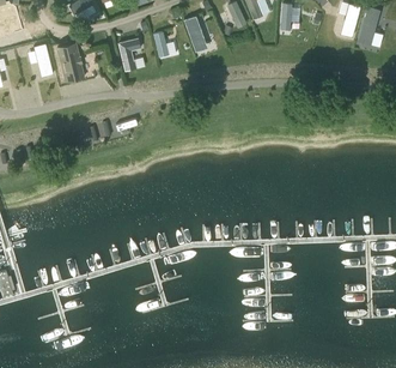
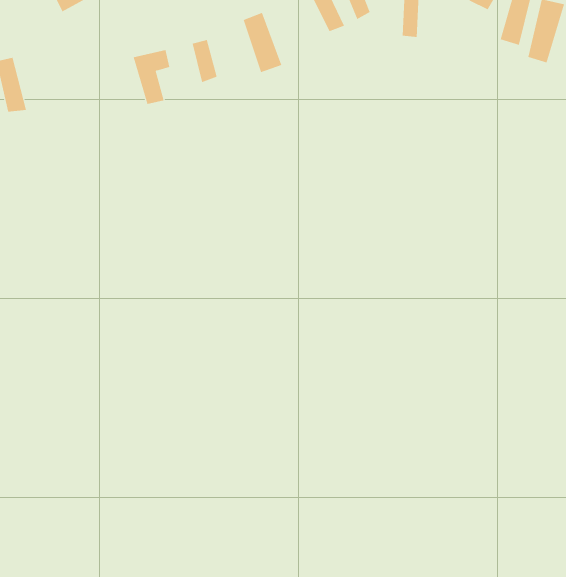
building: [56,42,84,82] -> none

